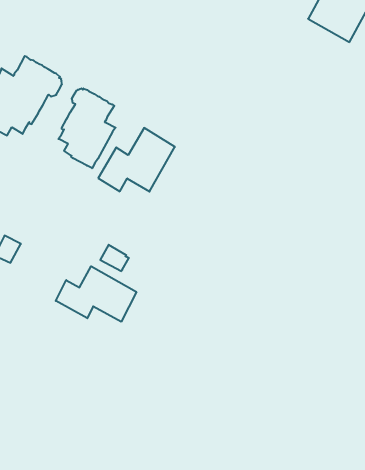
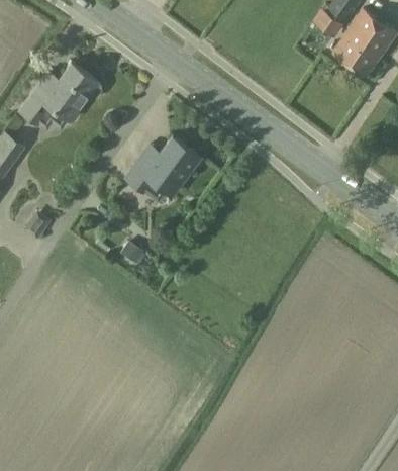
building: [58,88,116,168] -> none
building: [56,266,136,322] -> none

